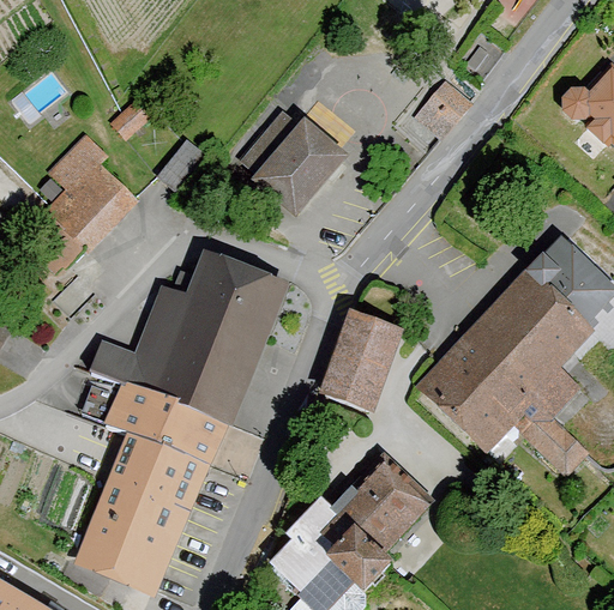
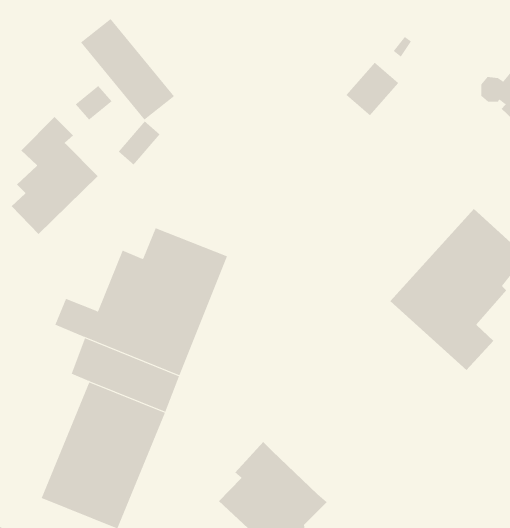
building: none -> [80,18,175,120]
building: [241,109,348,216] -> none
building: [321,313,392,410] -> none
building: [420,340,588,476] -> none
building: [331,457,431,556] -> none

